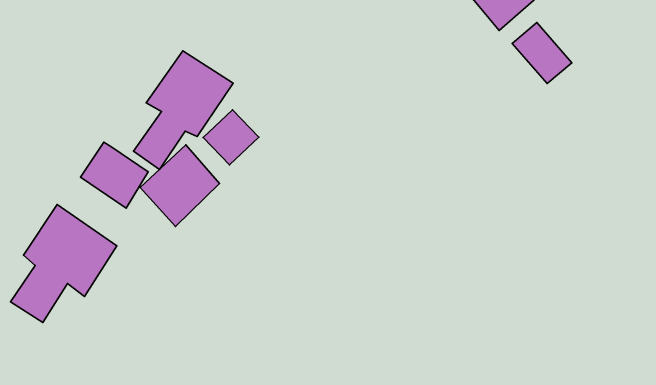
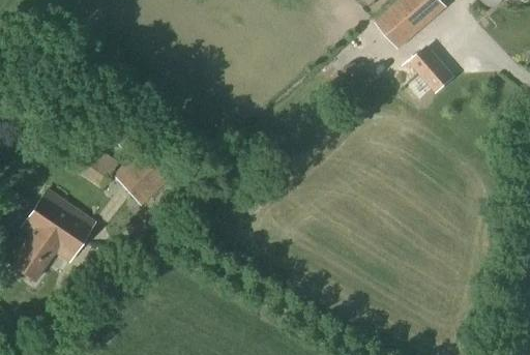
building: [134,51,233,170] -> none
building: [203,110,259,165] -> none

